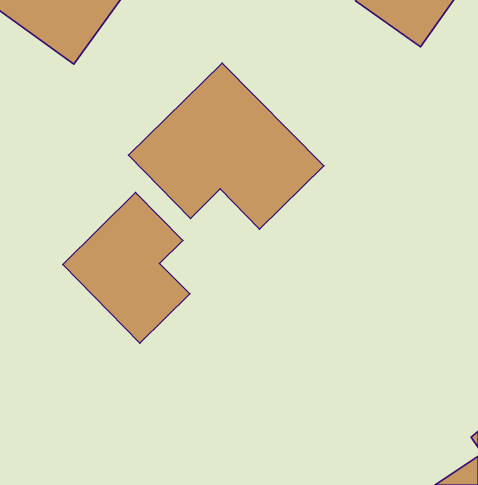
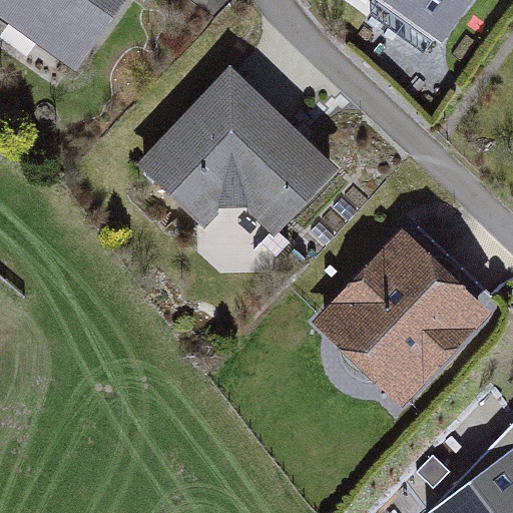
building: [63,193,190,343] -> none
building: none -> [311,228,492,409]

